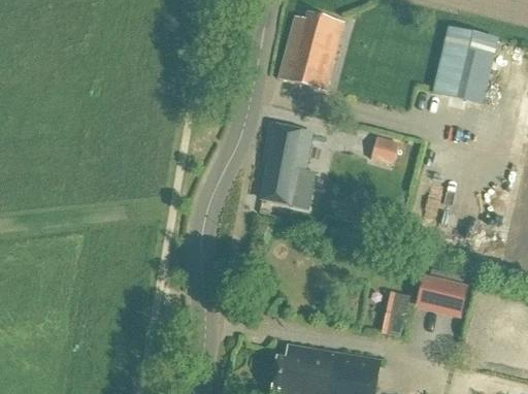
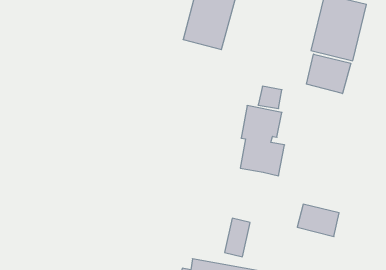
building: none -> [306,54,351,94]
building: [262,124,316,208] -> [240,106,285,176]
building: [377,290,408,336] -> [225,218,250,257]

